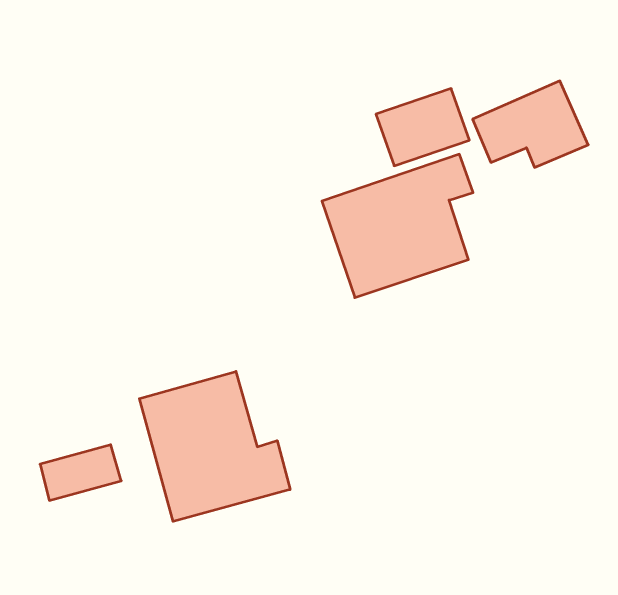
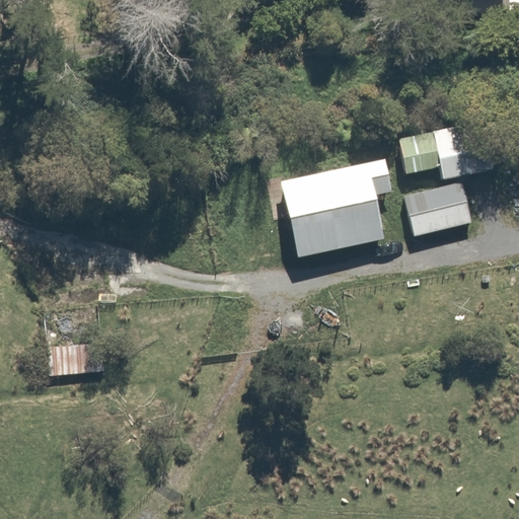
building: [376,89,469,166] -> [405,182,471,233]
building: [139,371,290,521] -> none

